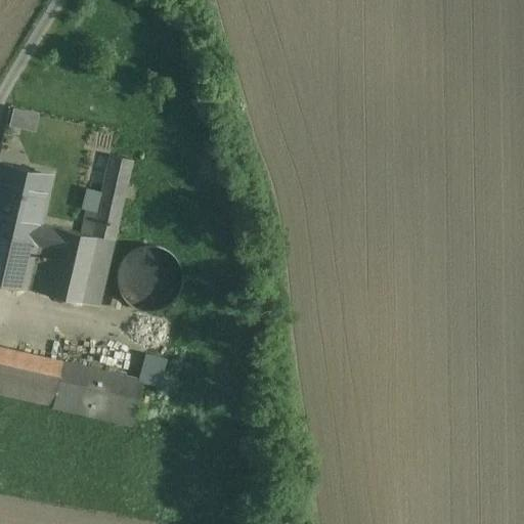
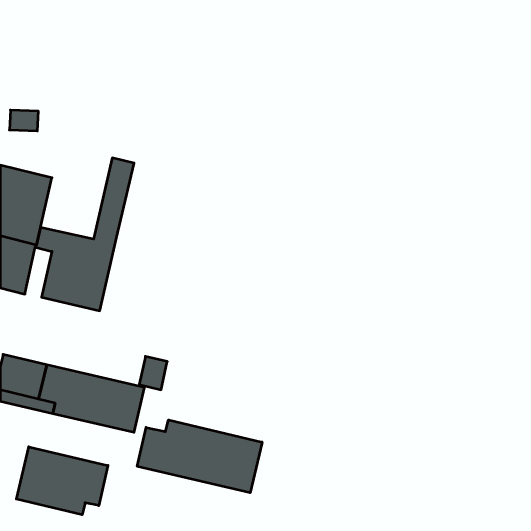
building: [129,247,174,307] -> none
building: none -> [137,420,262,493]
building: none -> [16,447,108,515]

